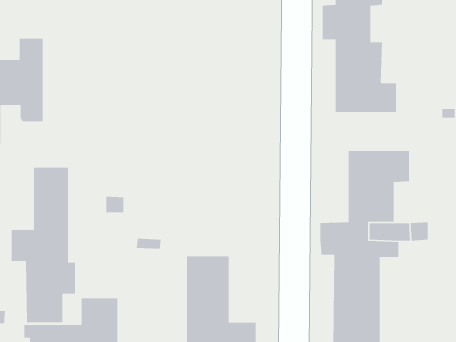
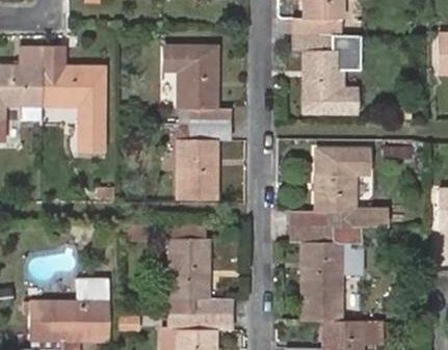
building: none -> [164,45,232,199]
building: none -> [44,47,106,152]
building: [11,167,76,323] -> none

